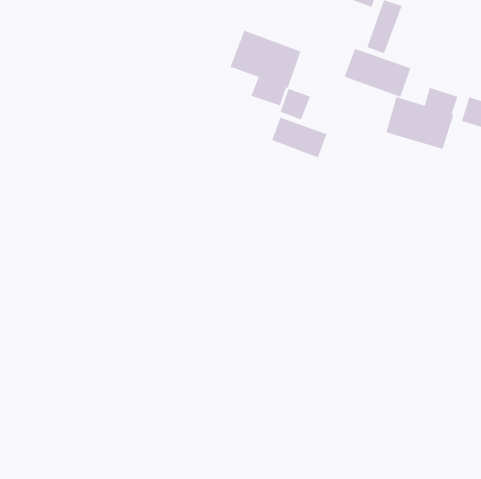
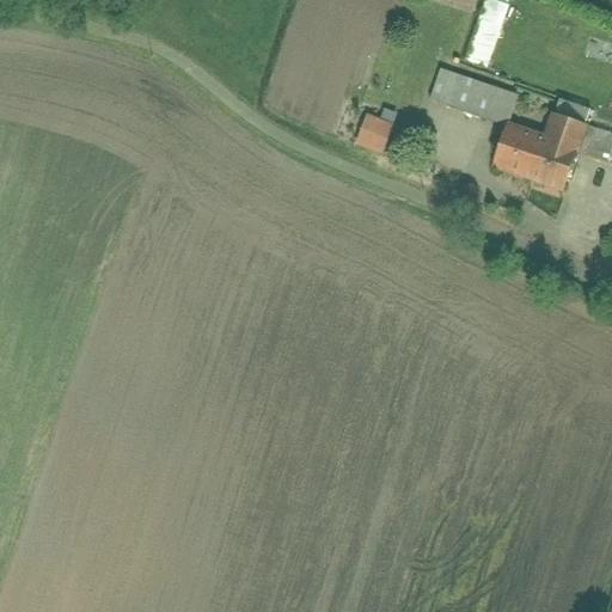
building: [230,30,301,106] -> none
building: [271,117,327,158] -> none

